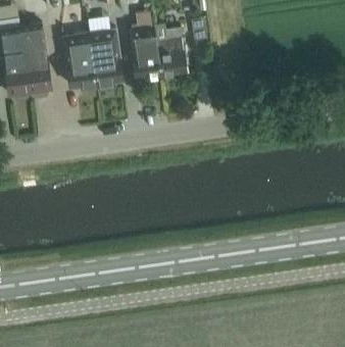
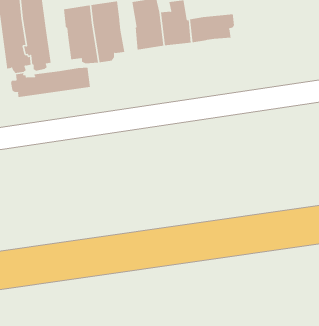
building: none -> [189,13,235,43]
building: none -> [11,67,91,98]

